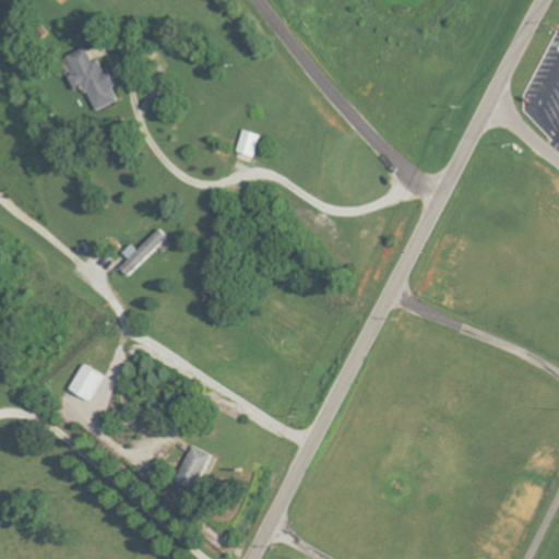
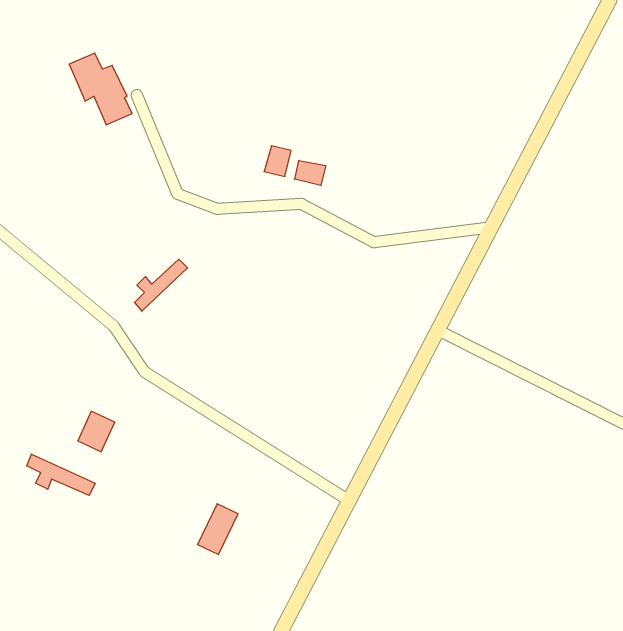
building: none -> [295,160,326,186]
building: none -> [27,454,95,495]

